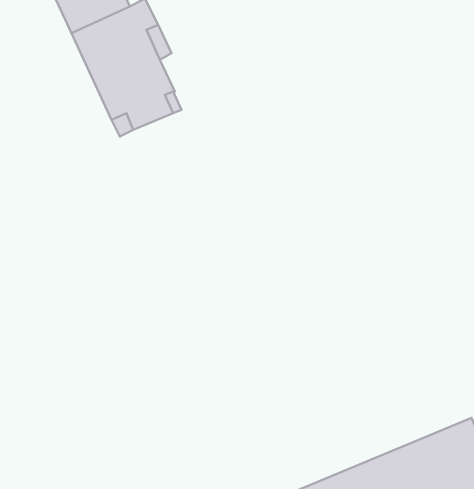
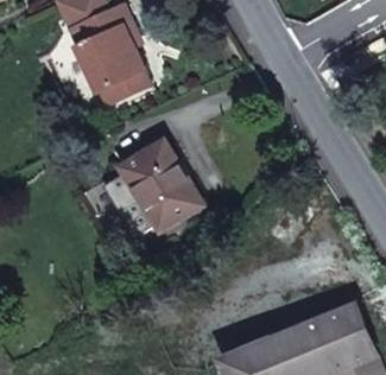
building: none -> [121,140,202,230]

